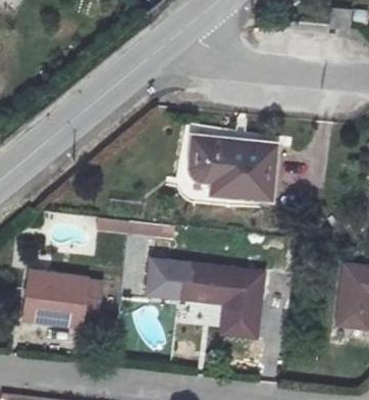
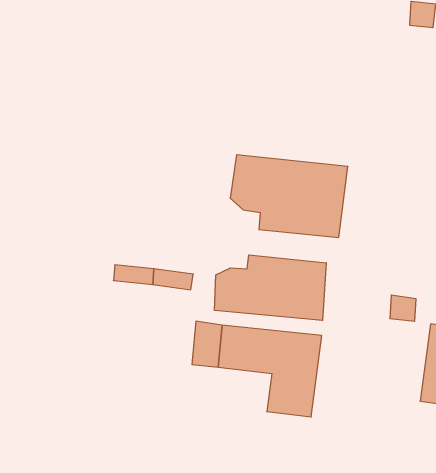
building: none -> [215,255,326,321]
building: [24,270,103,322] -> none

